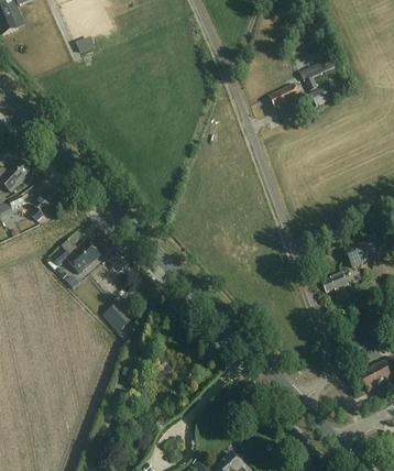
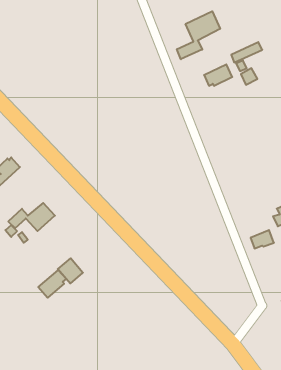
building: none -> [177,11,220,59]
building: none -> [38,270,66,298]

